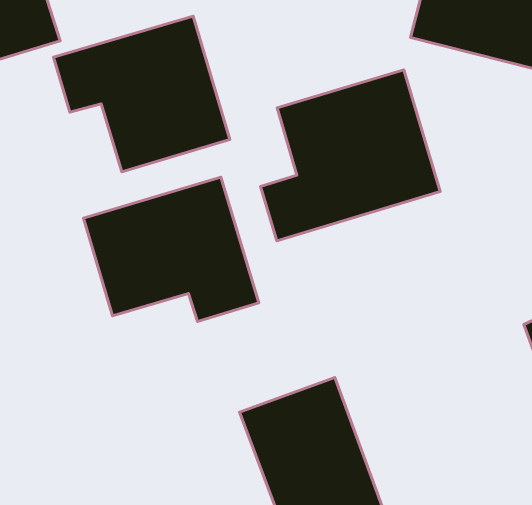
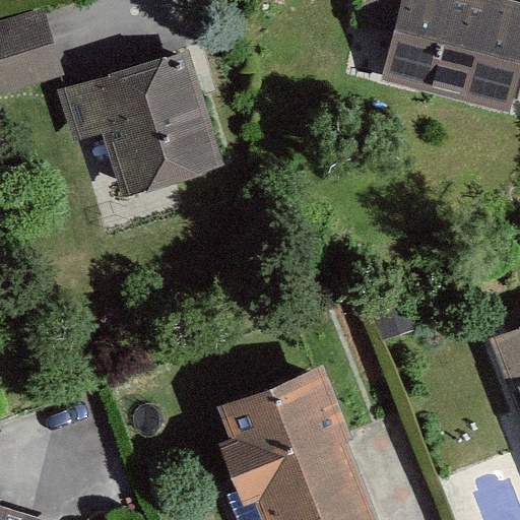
building: [260,70,440,241] -> none
building: [84,177,259,321] -> none

